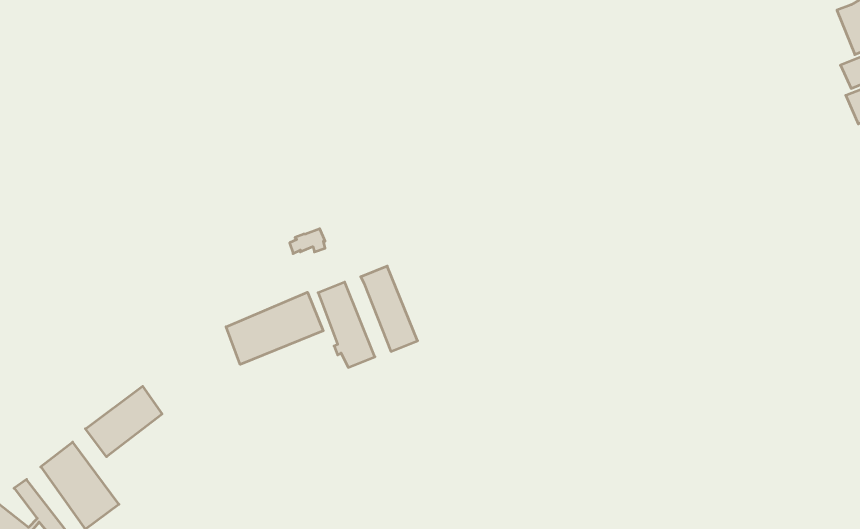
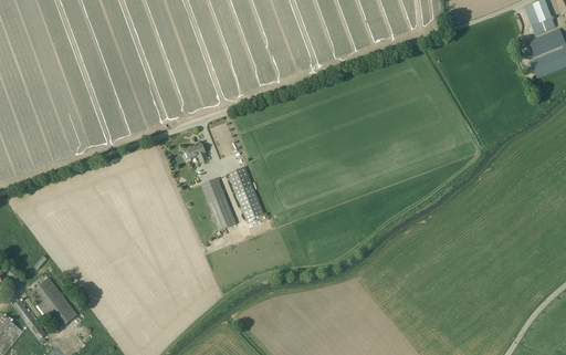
building: [226,292,323,364] -> none
building: [85,386,162,457] -> none

